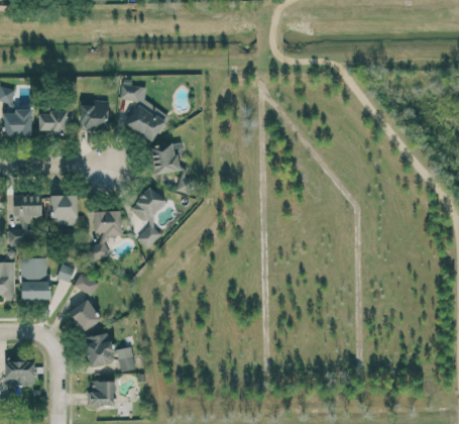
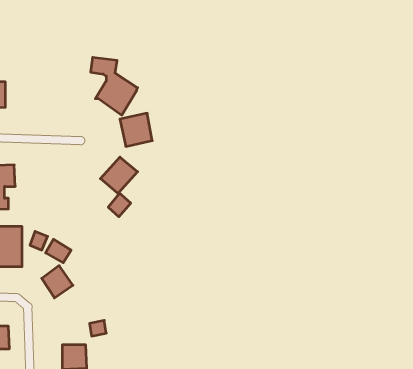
building: [80,100,108,129] -> none
building: [38,111,67,133] -> none
building: [50,195,77,226] -> none
building: [88,211,121,259] -> none
building: [83,331,116,367] -> none

